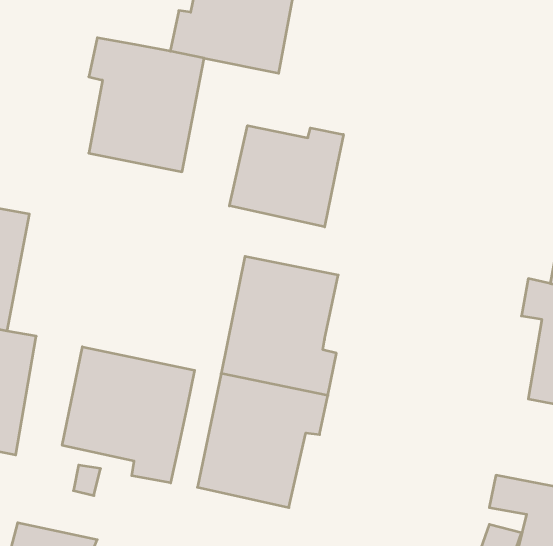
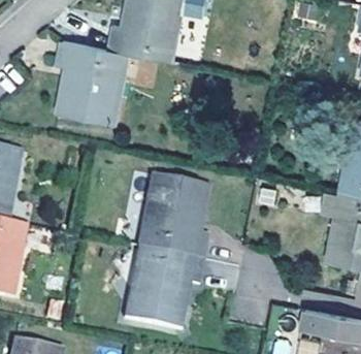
building: [229,126,343,227] -> none
building: [62,347,195,483] -> none

